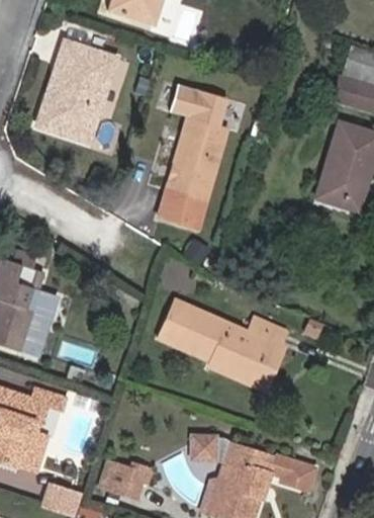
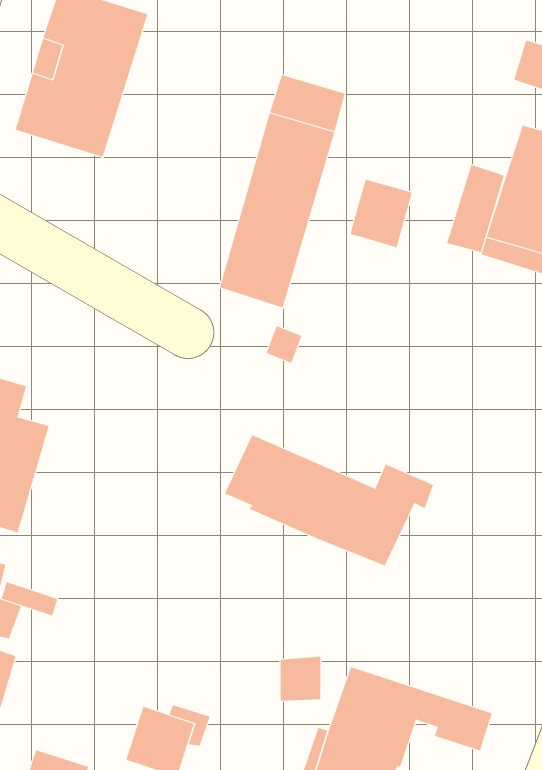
building: none -> [447,164,504,253]
building: none -> [350,179,412,248]
building: [213,343,285,391] -> none

